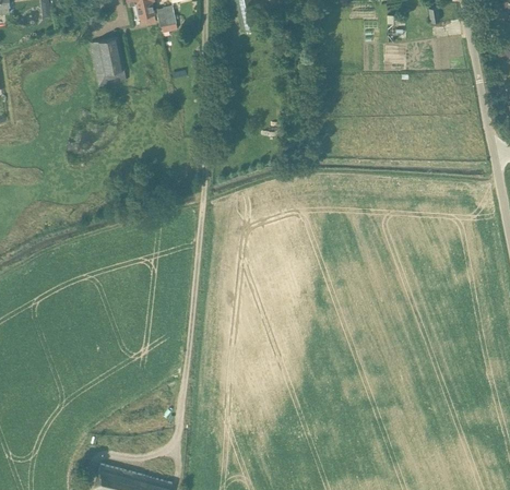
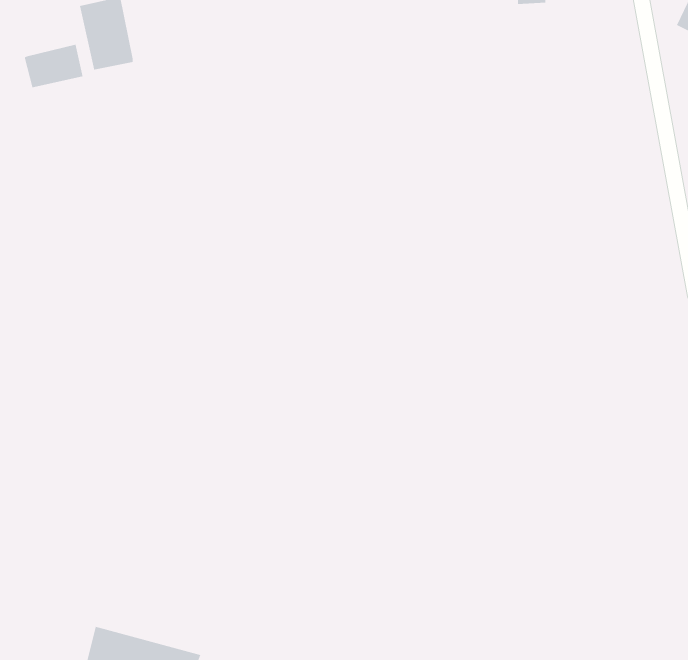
building: none -> [24,44,83,88]

